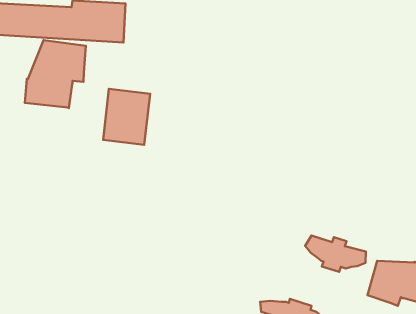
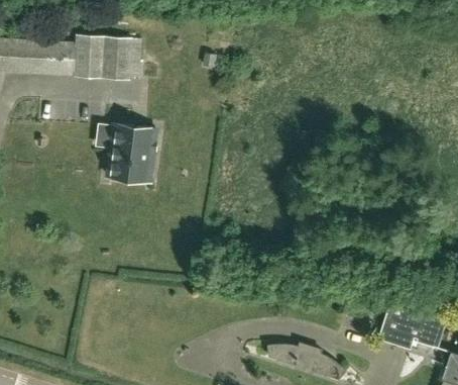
building: [25,40,86,108] -> none
building: [305,236,366,272] -> none

